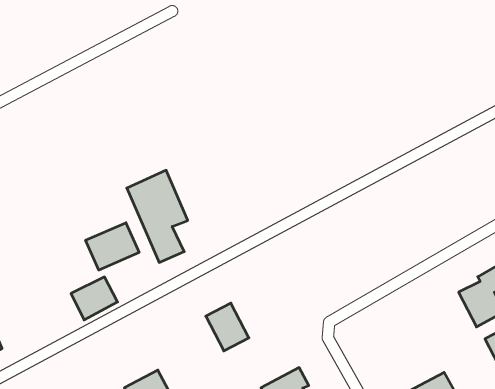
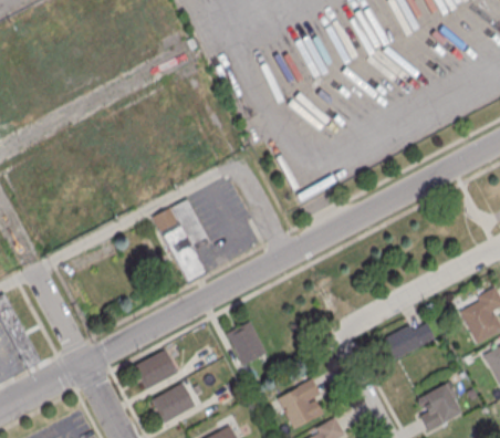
building: [86,223,139,270] -> none
building: [71,277,118,320] -> [134,348,177,388]
building: none -> [379,320,435,362]

